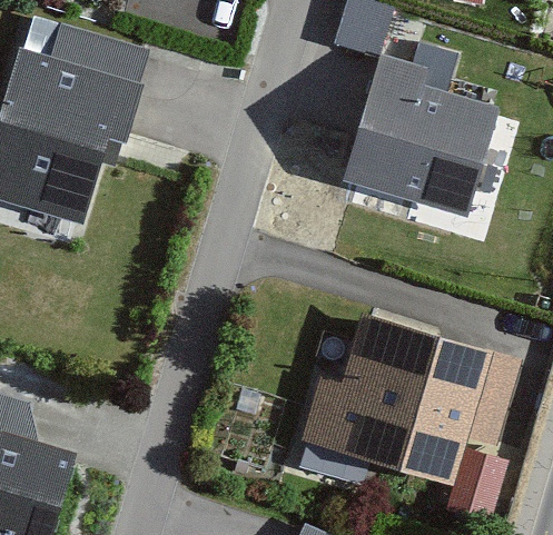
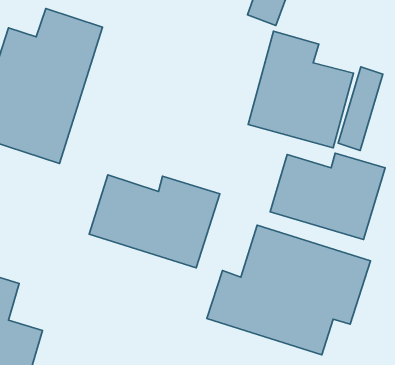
building: none -> [270,153,385,240]
building: none -> [89,175,220,268]

